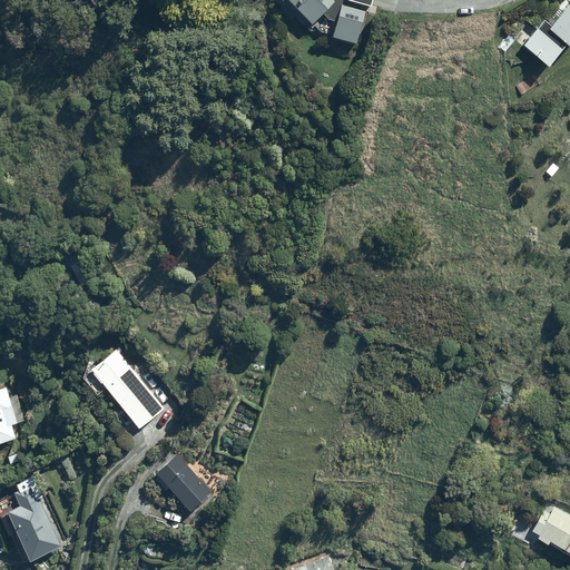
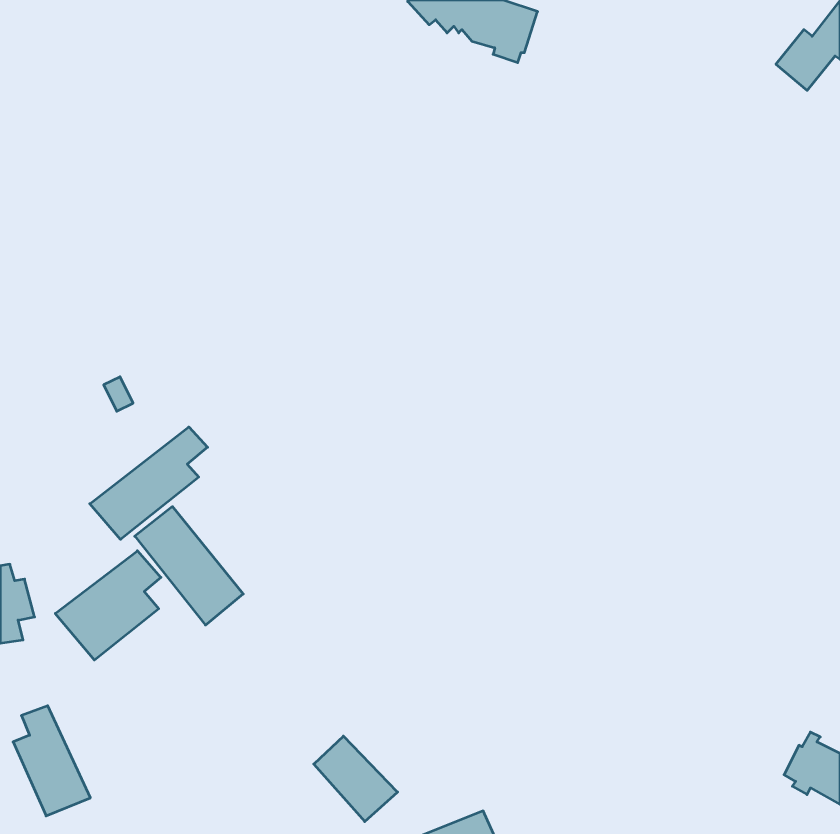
building: none -> [90,427,208,539]
building: none -> [55,551,161,660]
building: [156,458,213,515] -> [314,736,398,822]

